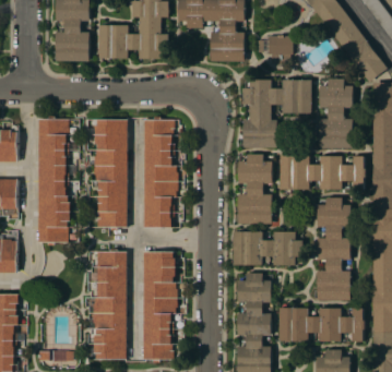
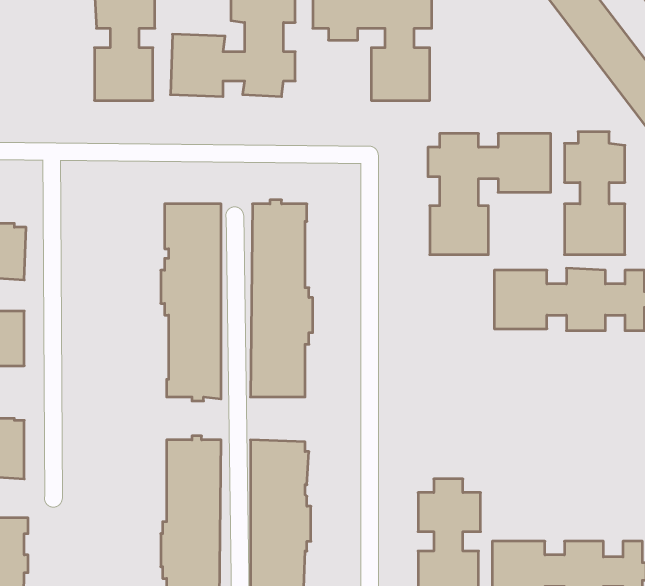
building: [268,36,292,67] -> none
building: [38,116,70,245] -> none
building: [238,154,272,224] -> none
building: [317,197,351,300] -> none
building: [233,231,301,265] -> none

